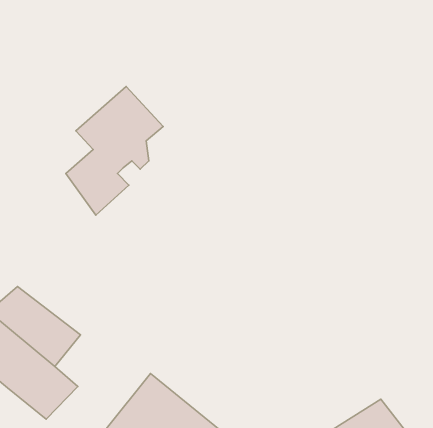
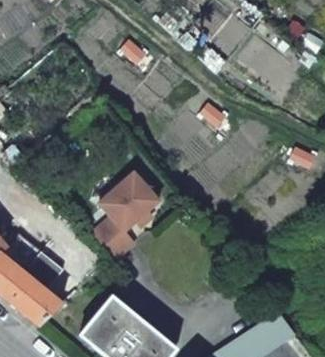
building: [66,87,163,215] -> [92,174,160,264]

